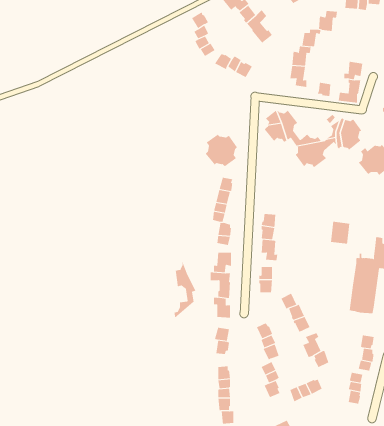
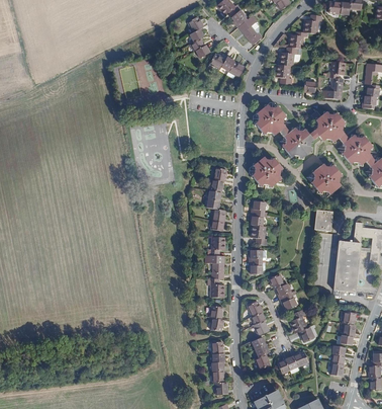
building: [205,134,238,167] -> [251,157,281,187]
building: none -> [310,164,341,194]
building: [172,261,196,320] -> none

